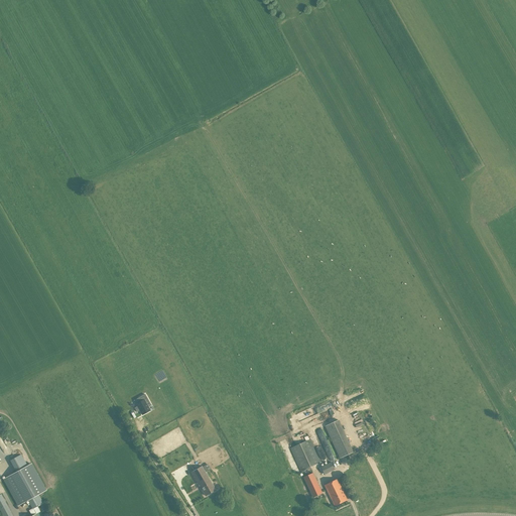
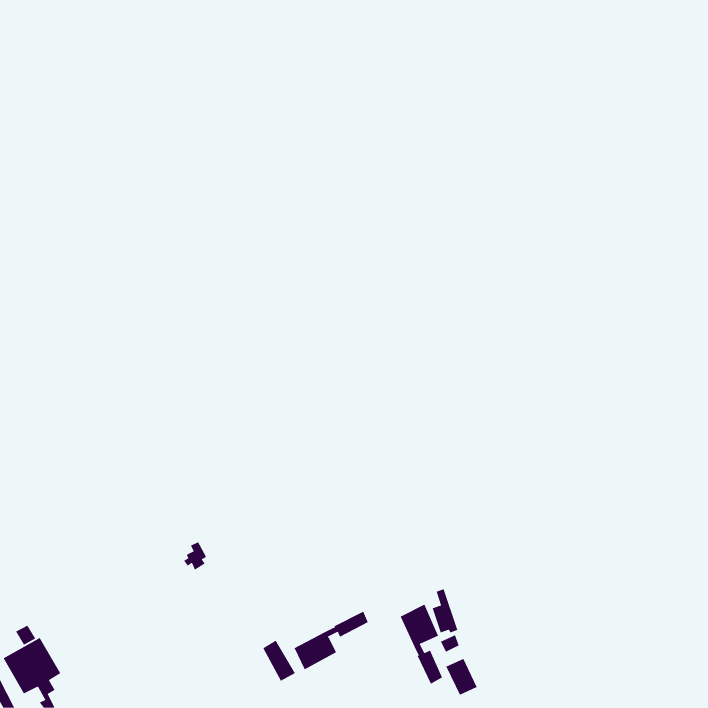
building: [325,419,353,458] -> none
building: none -> [294,611,368,670]

